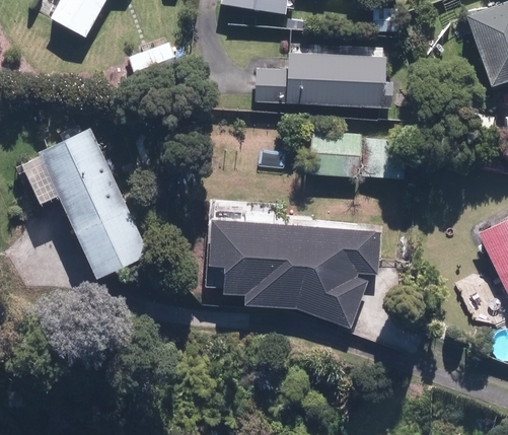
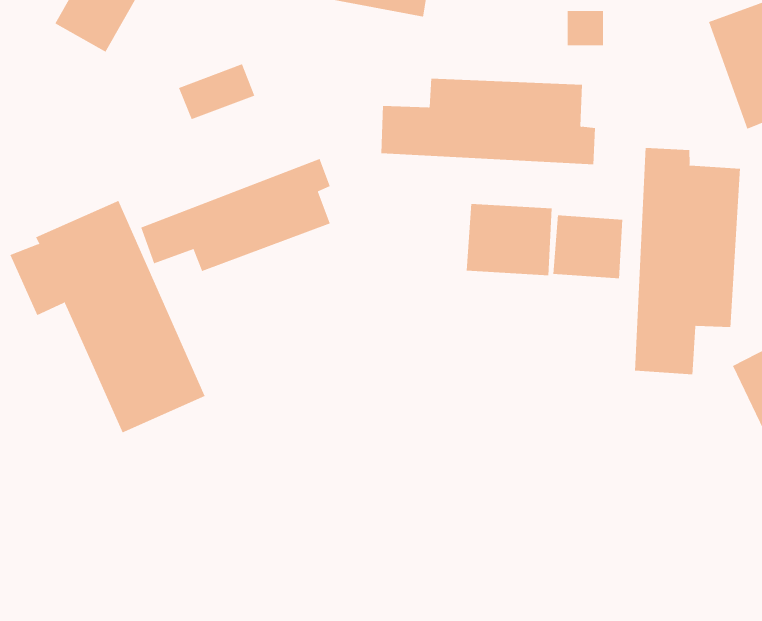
building: none -> [635,147,740,375]
building: none -> [140,158,330,272]
building: [210,219,383,329] -> none

